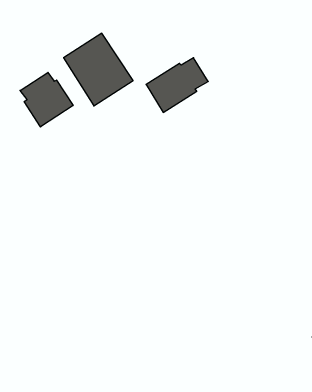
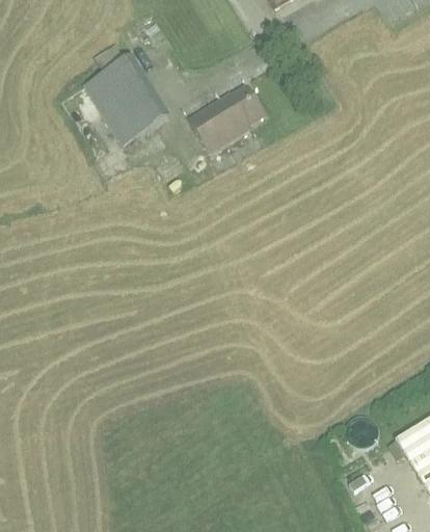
building: [20,72,73,127] -> none

